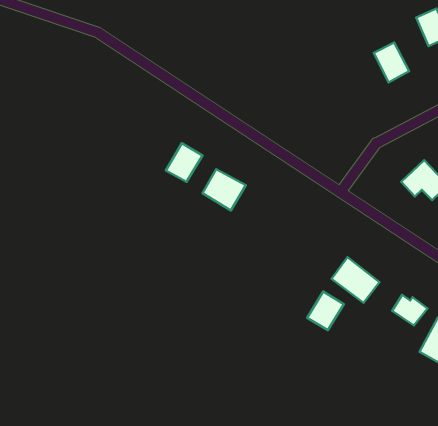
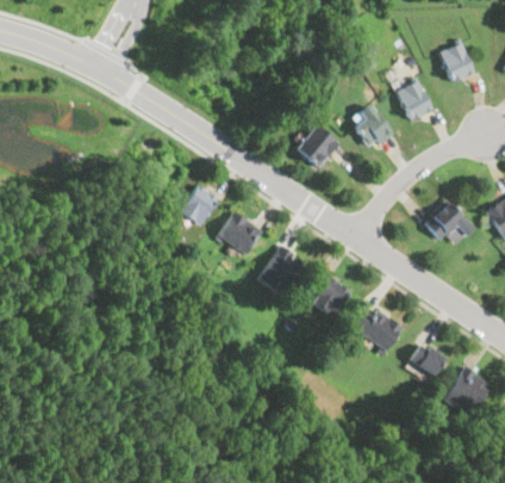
building: none -> [350,105,393,149]
building: none -> [297,125,339,168]
building: none -> [260,246,305,295]
building: [307,291,344,330] -> [313,278,351,318]

